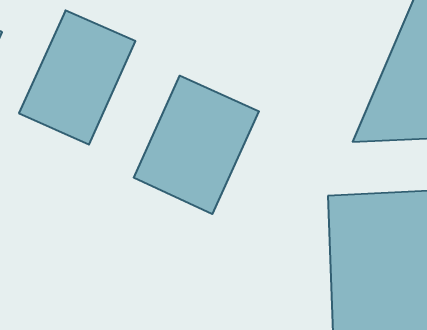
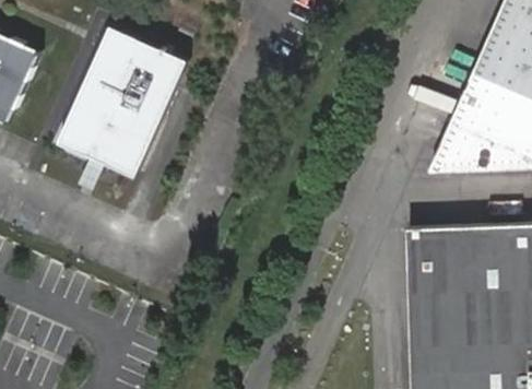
building: [134,76,259,214] -> none

